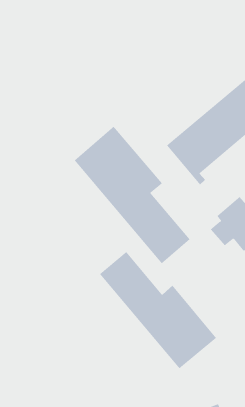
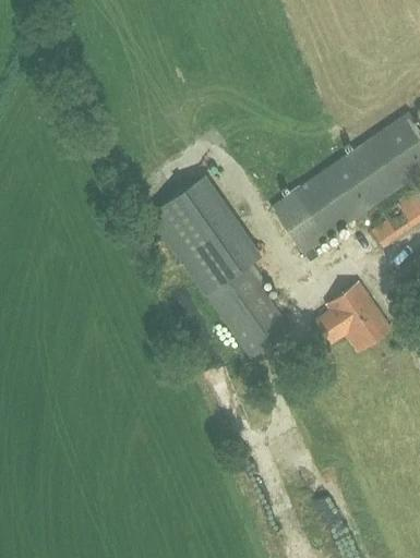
building: [99,251,217,369] -> none

